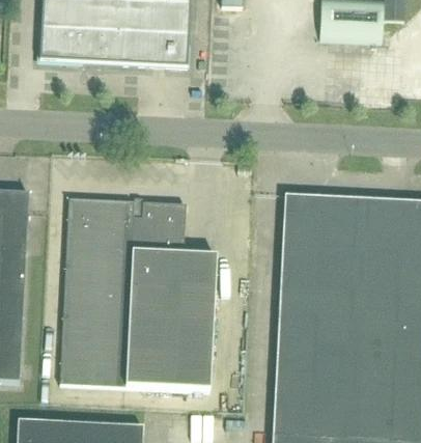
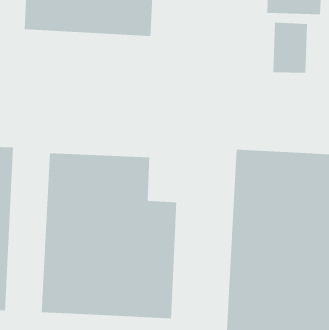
building: none -> [272,22,308,73]

